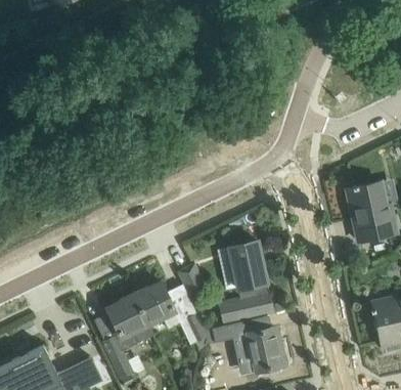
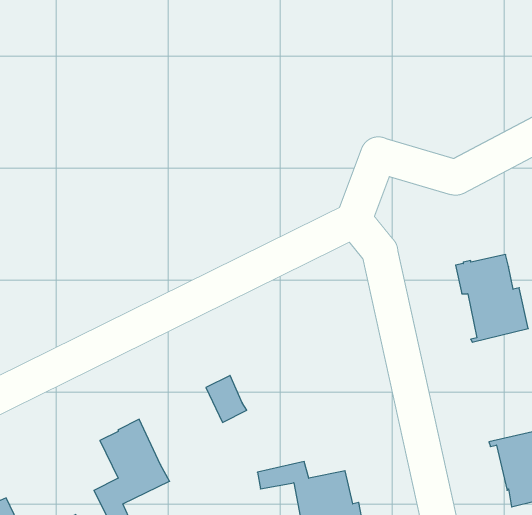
building: [220,241,272,322] -> none
building: [133,283,207,352] -> none

